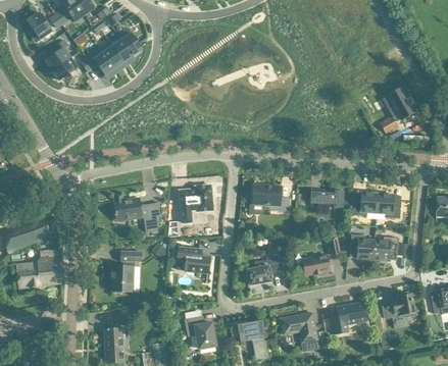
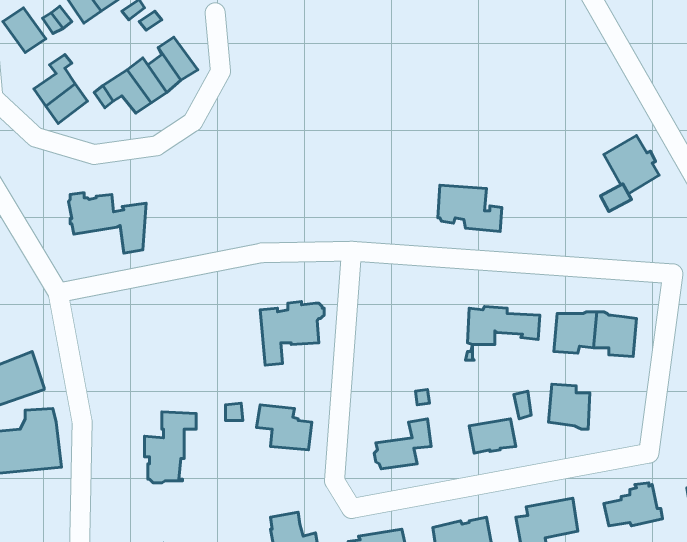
building: [252,185,290,212] -> [438,185,502,232]
building: [113,197,159,232] -> [69,193,146,253]
building: [372,237,398,261] -> none

